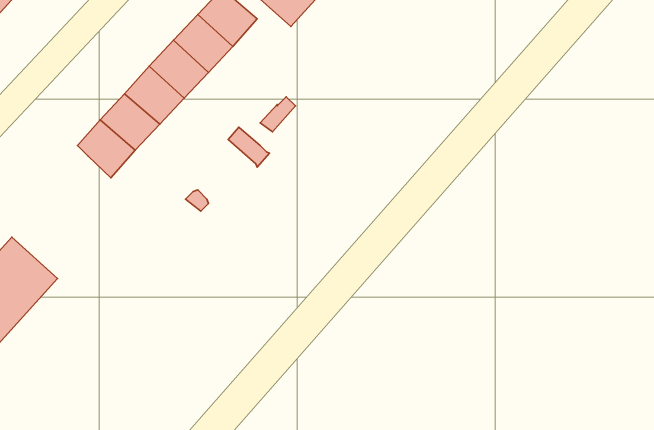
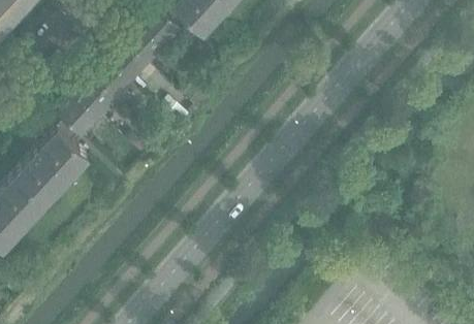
building: none -> [12,135,86,208]

